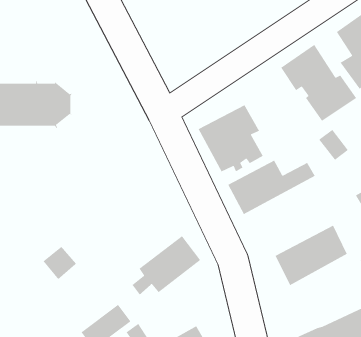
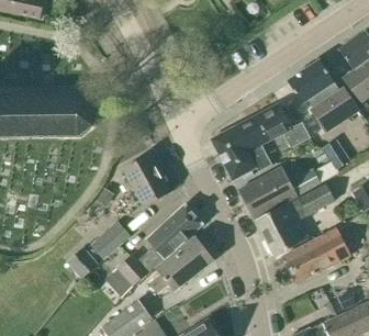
building: none -> [254,103,309,147]
building: none -> [121,155,170,206]
building: none -> [254,183,334,256]
building: none -> [116,204,201,285]
building: none -> [89,221,130,260]

